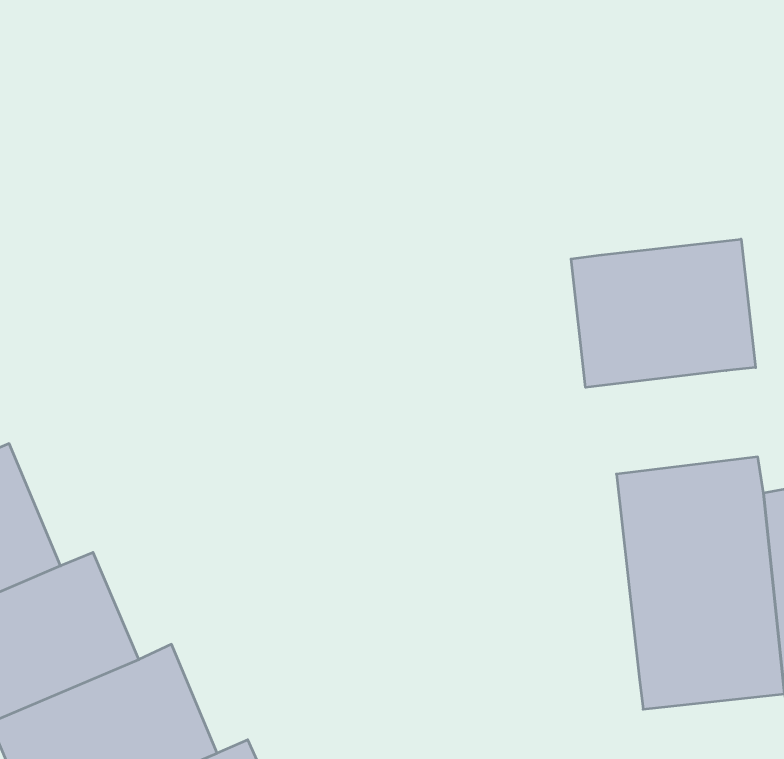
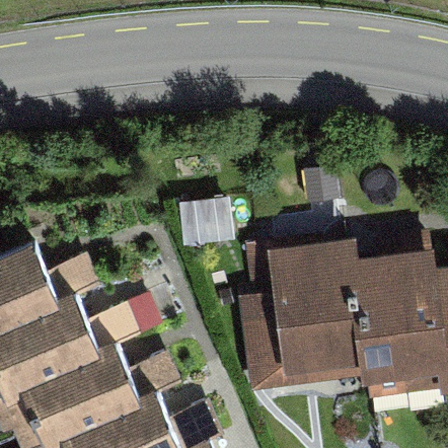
building: [571,239,756,387] -> none
building: none -> [269,243,365,379]

